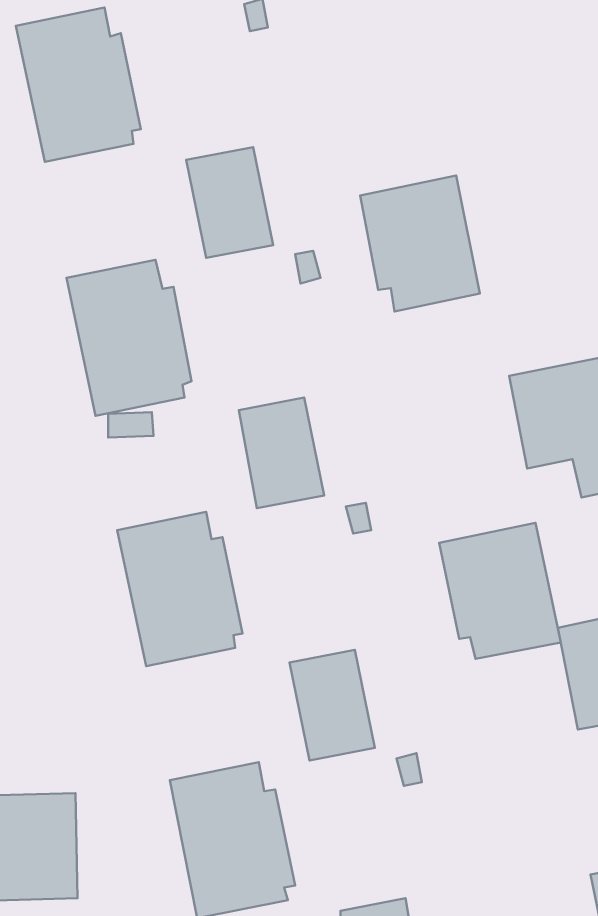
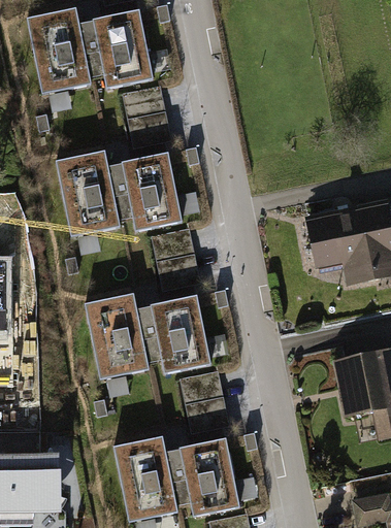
building: none -> [85,10,154,88]
building: [360,176,480,312] -> [115,154,183,231]
building: [439,523,561,659] -> [142,296,211,373]
building: none -> [172,439,240,517]

